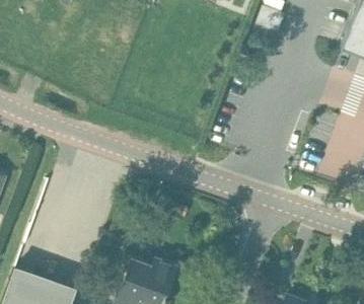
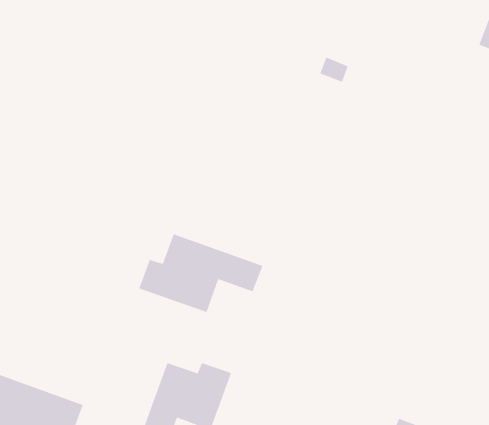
building: none -> [138,233,263,313]

